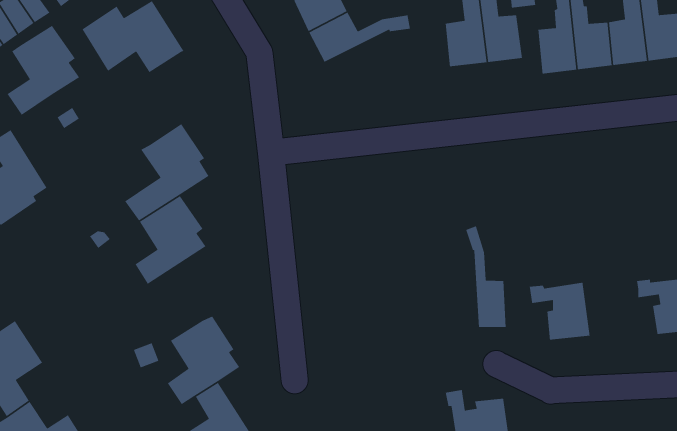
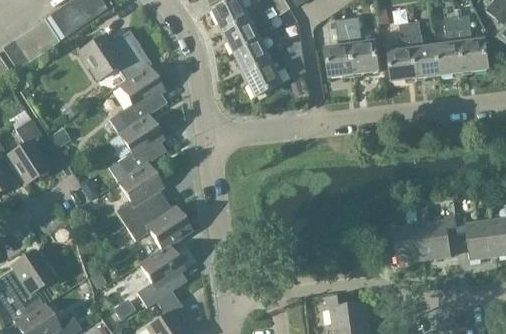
building: [7,25,80,116] -> [116,66,166,128]
building: none -> [244,50,307,95]
building: [465,225,507,328] -> none
building: none -> [124,198,190,248]
building: none -> [420,215,457,259]

